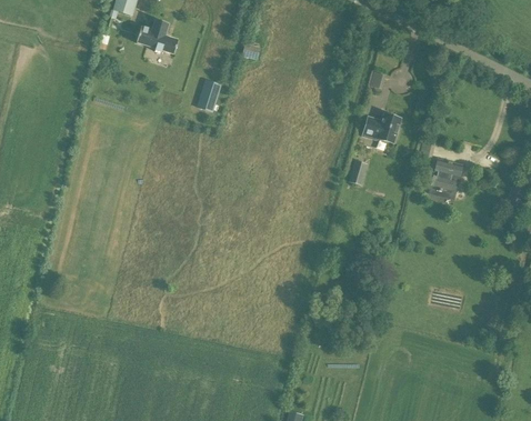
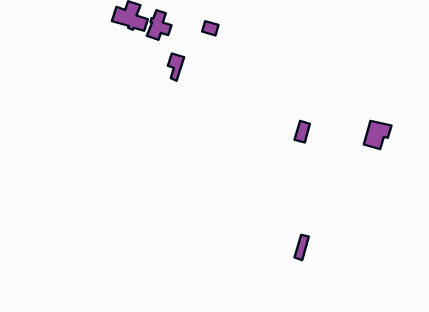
building: none -> [147,10,172,40]
building: [362,112,401,142] -> none

